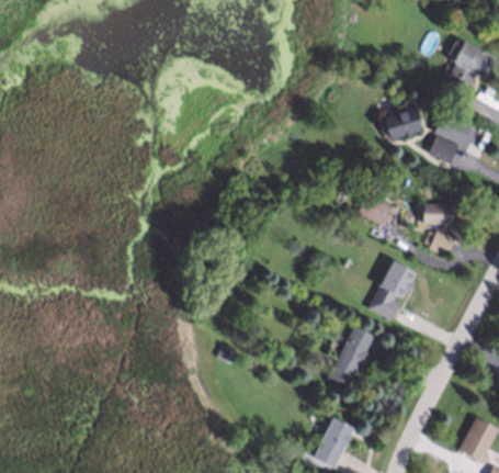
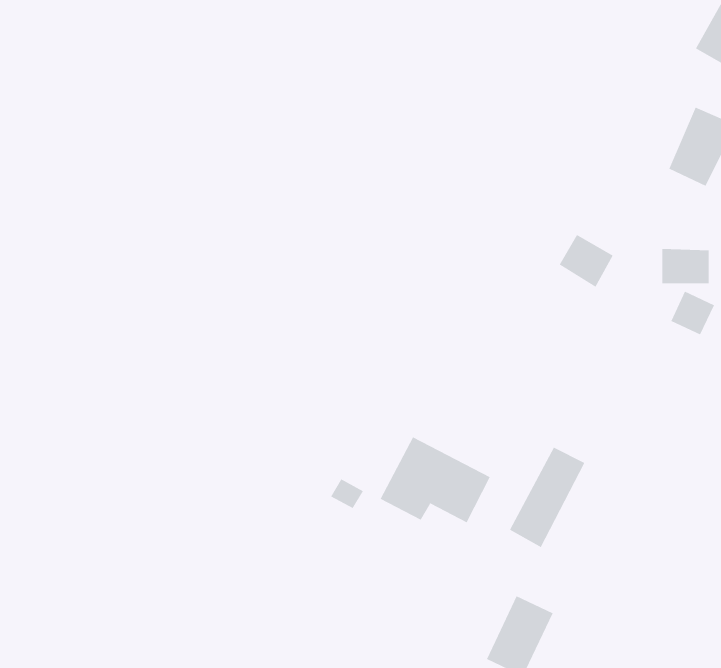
building: [384,106,420,139] -> none
building: [367,260,416,320] -> none
building: none -> [380,437,490,523]

